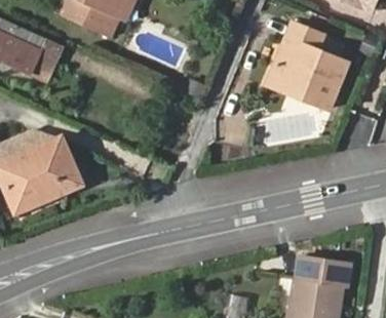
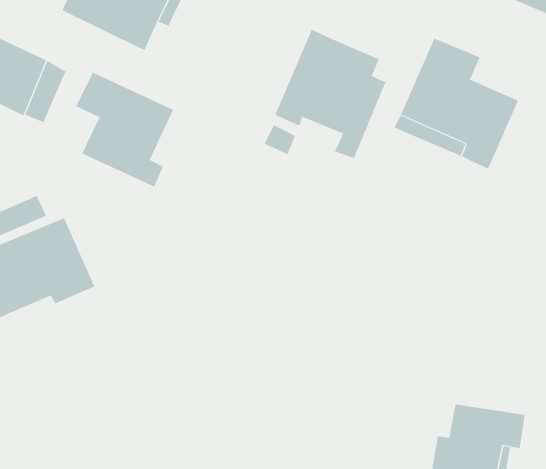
building: none -> [275,29,386,159]
building: none -> [75,72,174,187]

